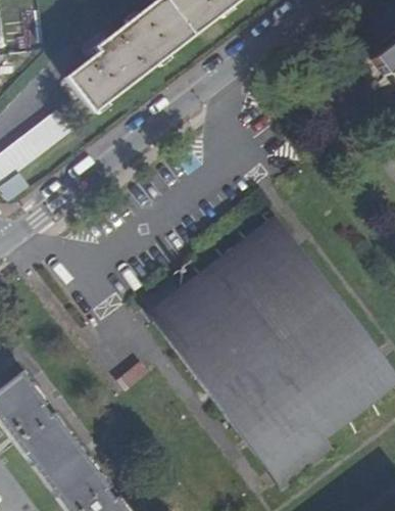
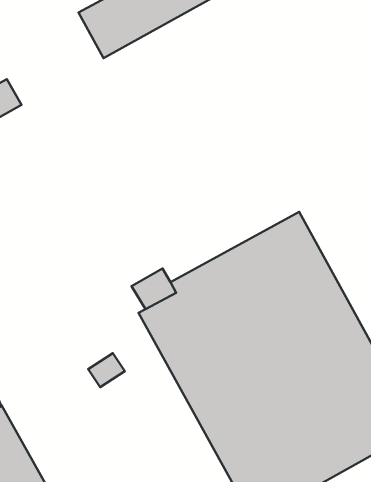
building: [17,108,75,160] -> none

